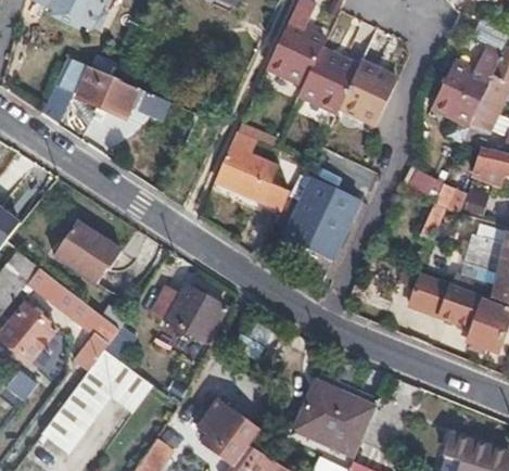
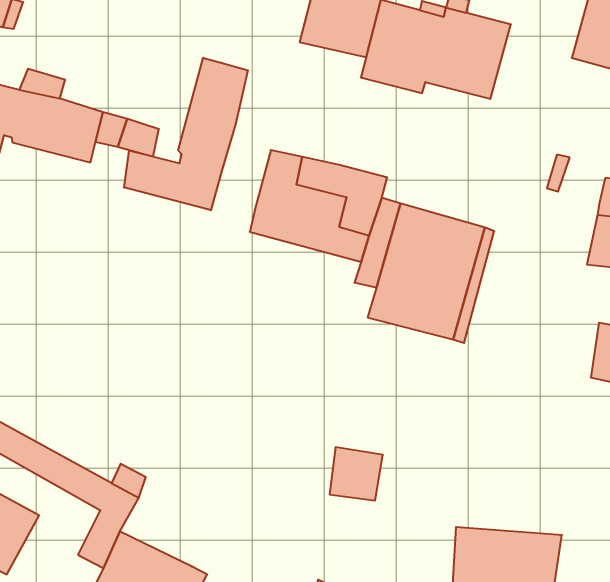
building: none -> [124,58,248,210]
building: [56,221,123,281] -> none
building: [149,287,225,343] -> none

